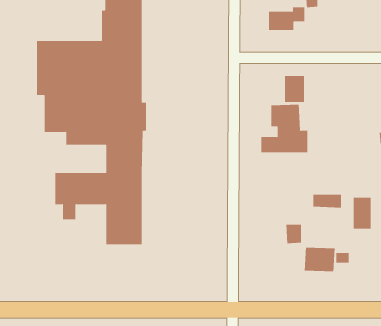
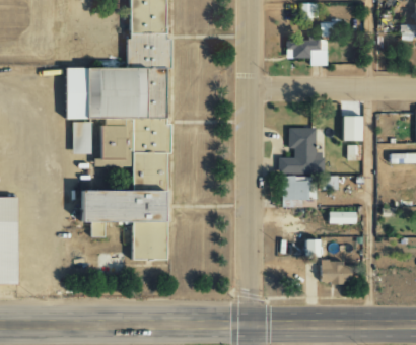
building: [284,75,305,102] -> [340,116,359,141]
building: none -> [280,176,316,207]
building: [353,197,371,229] -> none

